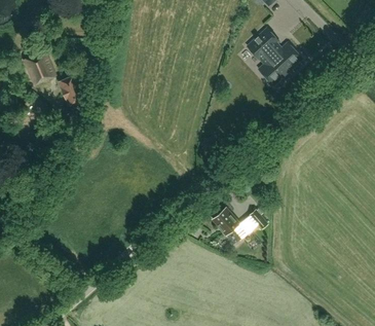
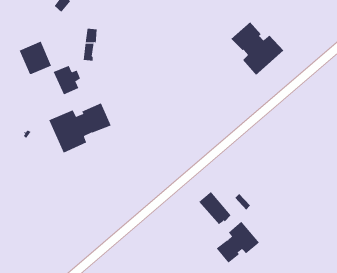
building: none -> [49,103,112,153]
building: none -> [216,221,260,263]

